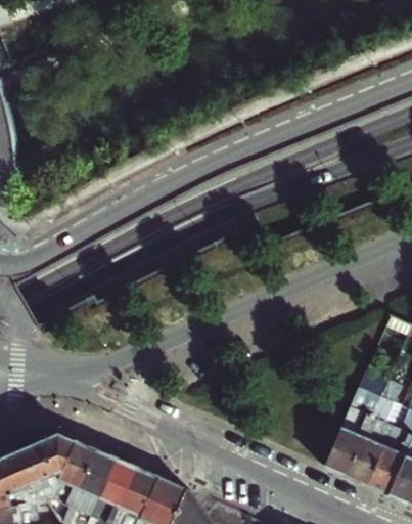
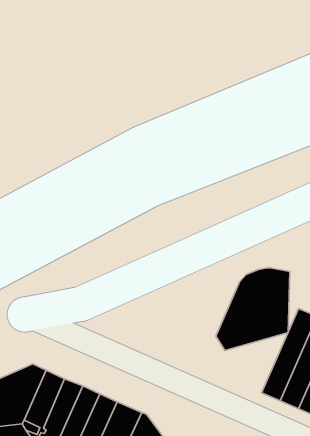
building: none -> [216,268,290,350]

